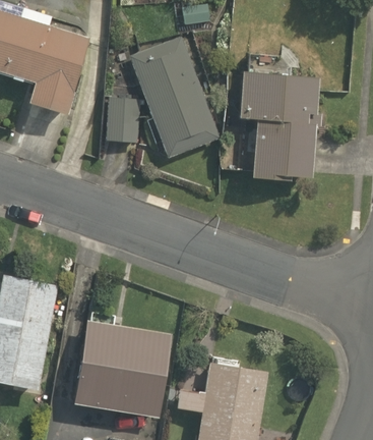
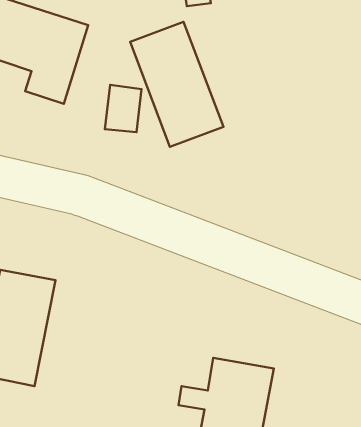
building: [240,71,322,181] -> none
building: [74,320,172,417] -> none

